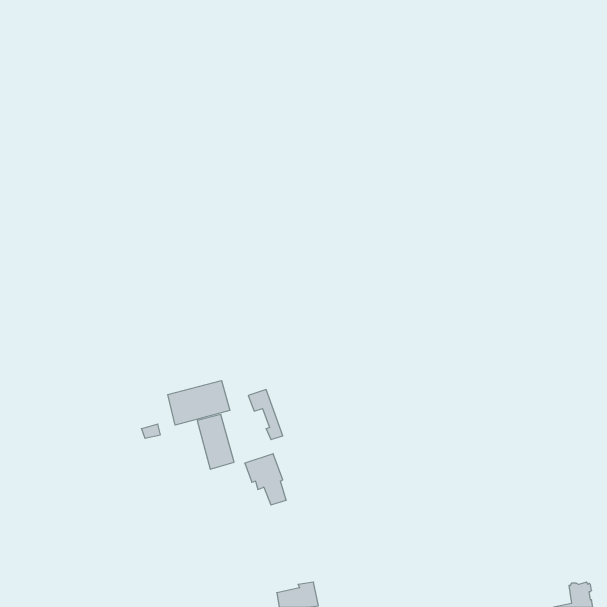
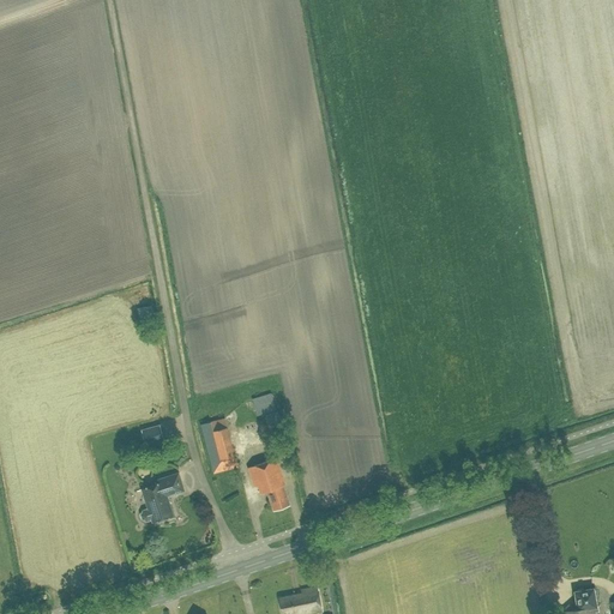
building: [168,381,230,425] -> none
building: none -> [142,472,183,520]

